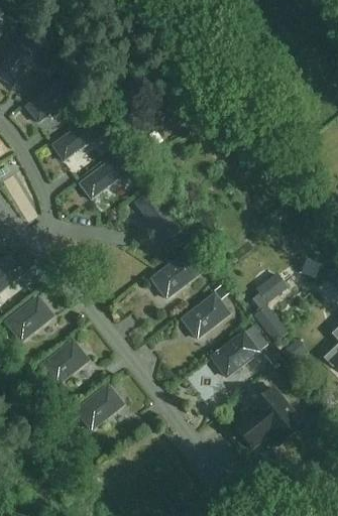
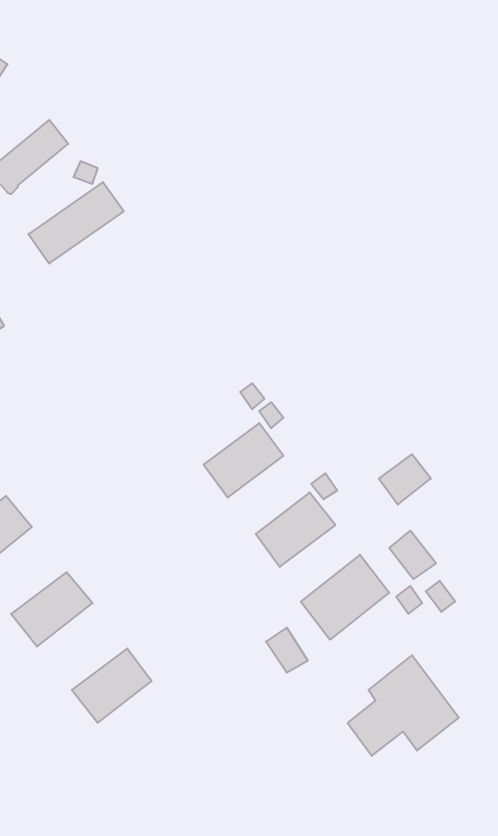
building: [78,151,133,201] -> none
building: [136,191,179,238] -> none

